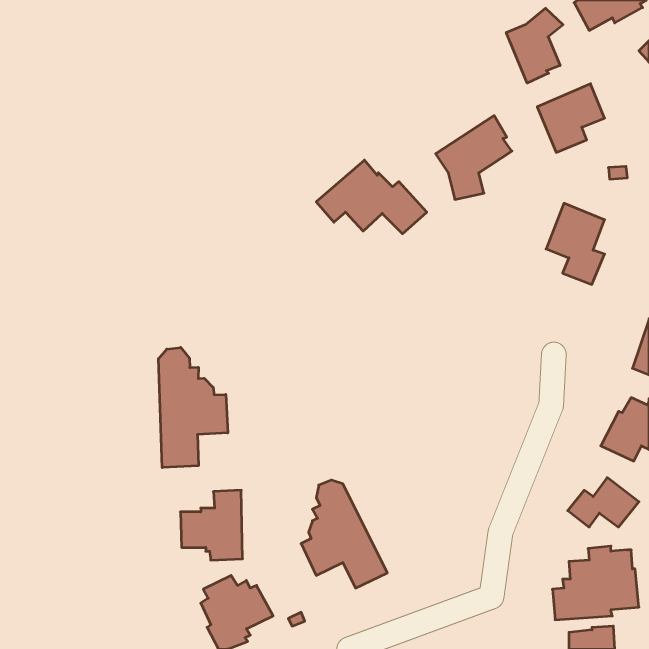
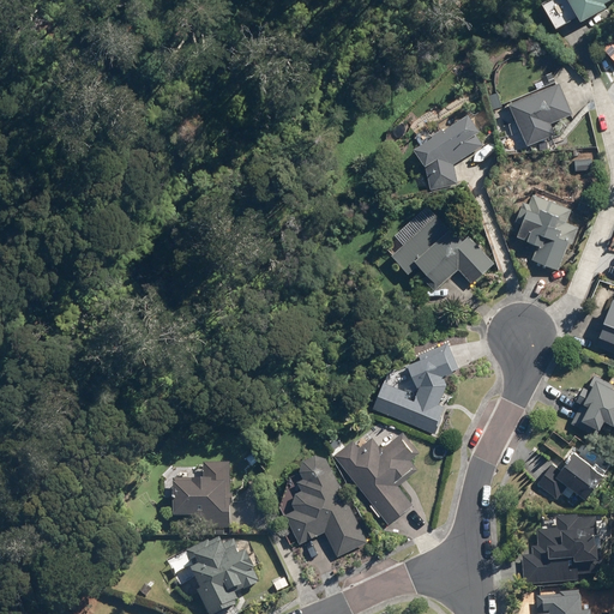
building: [506,8,563,83] -> none
building: [316,160,427,234] -> [390,213,494,283]
building: [158,347,228,468] -> none
building: none -> [371,348,452,433]
building: none -> [333,431,419,524]

